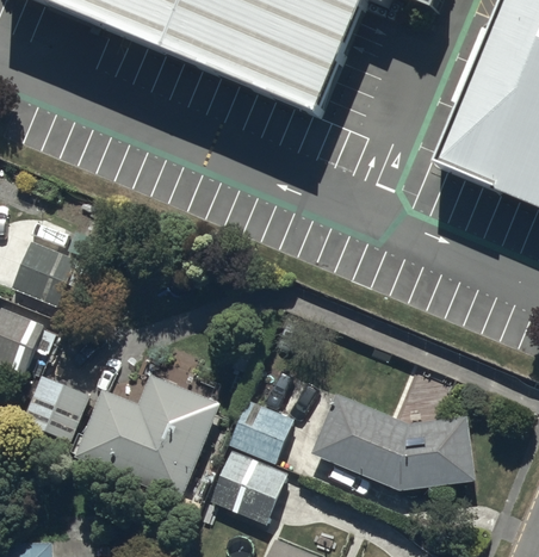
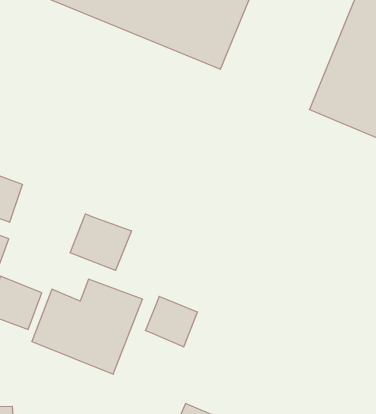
building: none -> [70,214,131,270]
building: [312,395,475,490] -> none
building: [209,450,286,524] -> none

